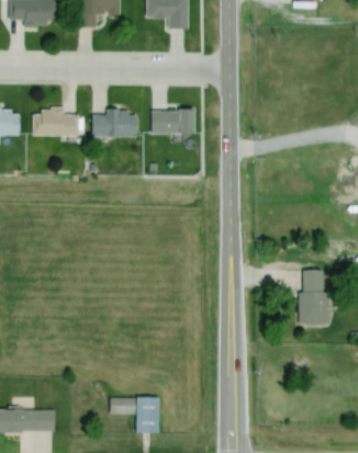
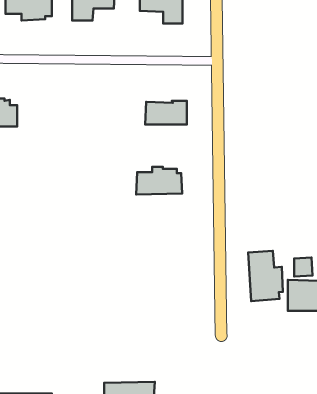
building: [32,107,80,136] -> none
building: [90,107,137,136] -> [136,167,182,195]
building: none -> [248,251,283,301]

